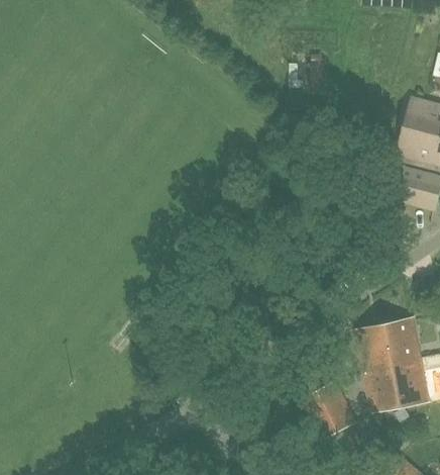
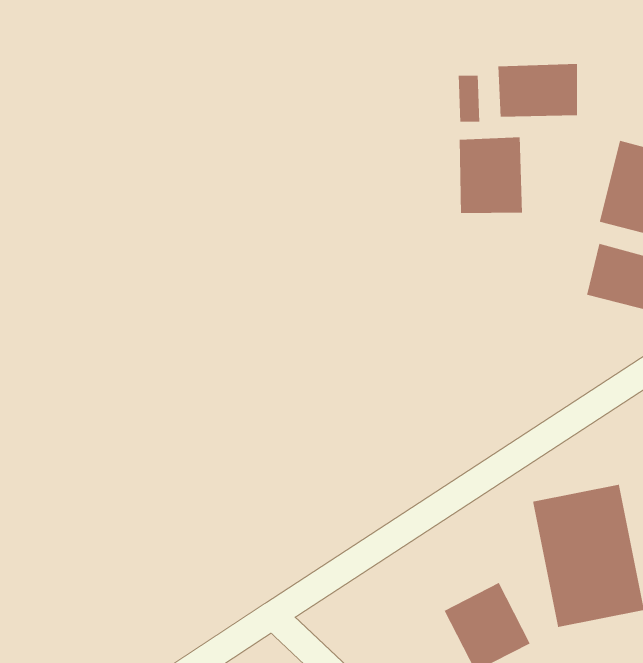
building: none -> [498,63,578,117]
building: none -> [459,137,523,214]

